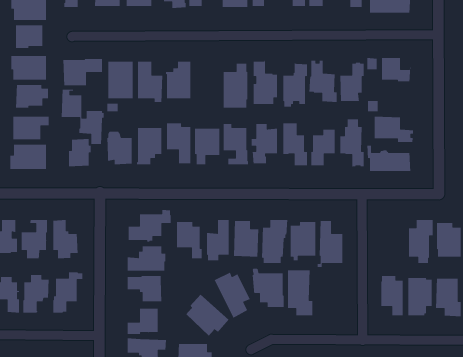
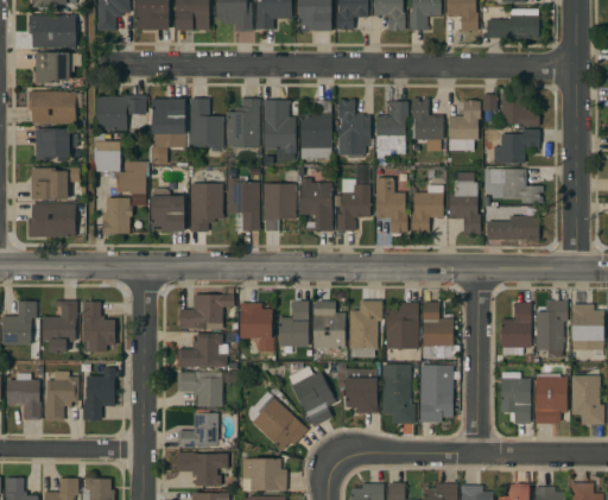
building: none -> [262,100,296,160]
building: none -> [500,129,539,164]
building: none -> [500,303,531,355]
building: none -> [419,365,452,423]

